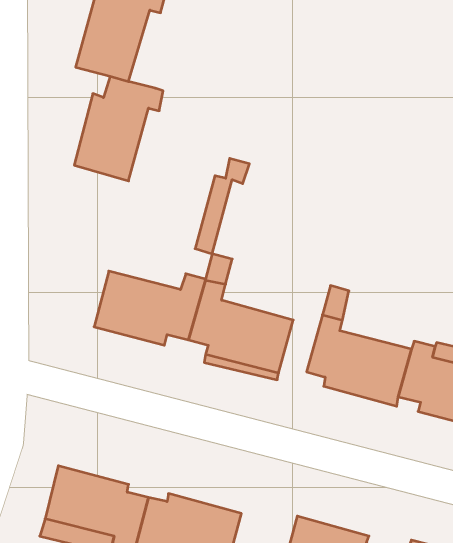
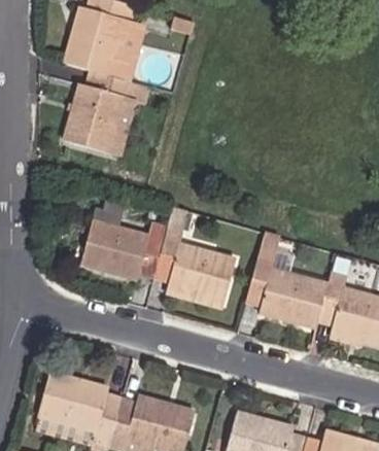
building: none -> [106,19,142,79]
building: [195,158,249,254] -> [106,81,148,155]

